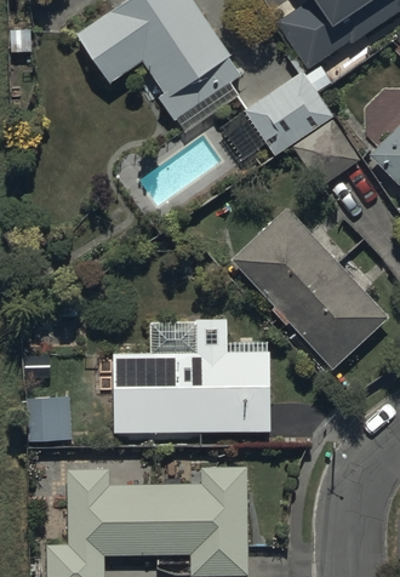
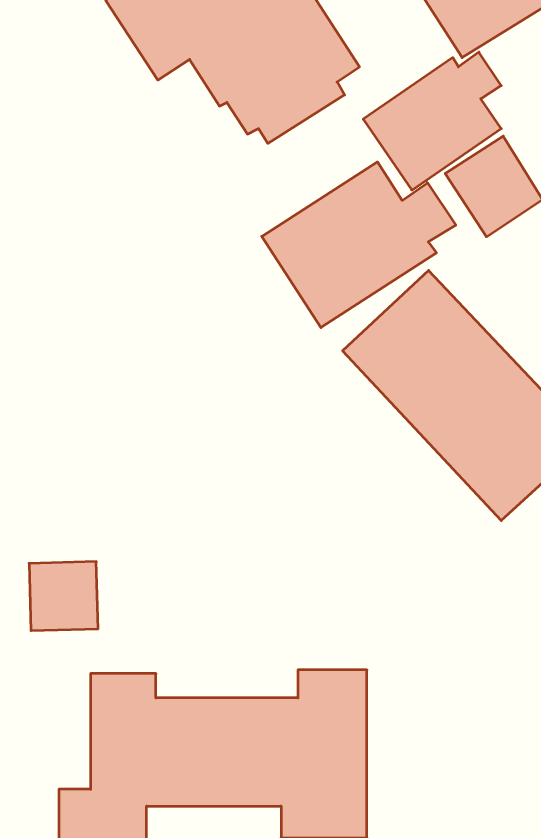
building: none -> [262,162,456,328]
building: [113,320,270,432] -> none

